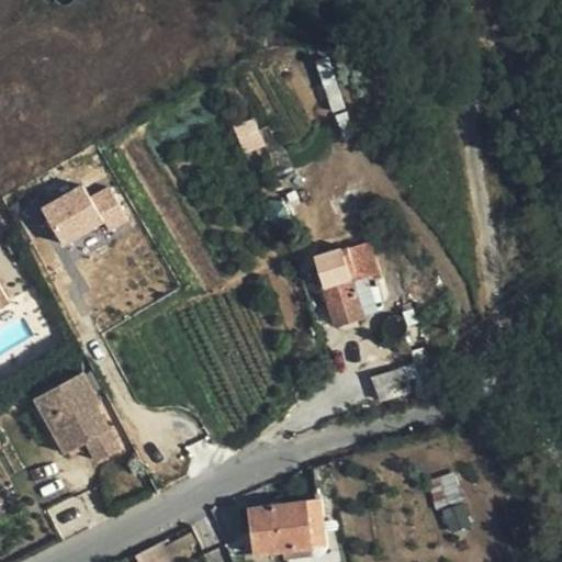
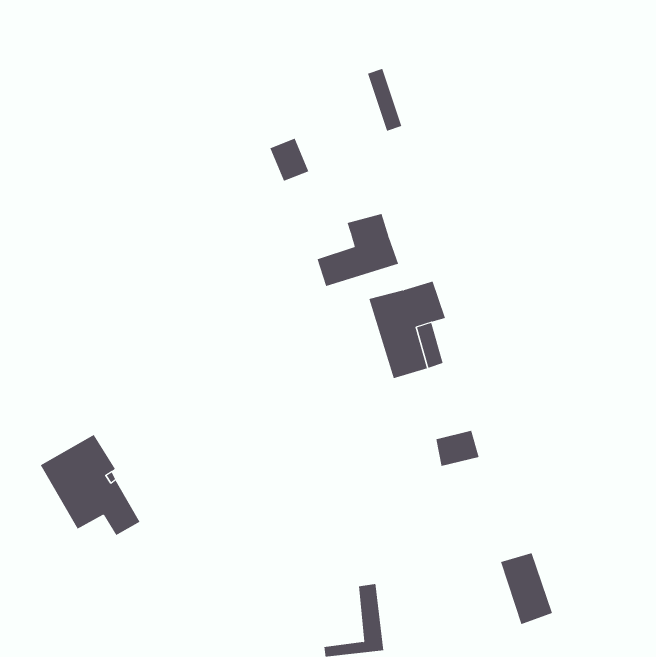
building: none -> [317,213,399,287]
building: [37,186,123,250] -> none
building: [248,501,310,554] -> none

